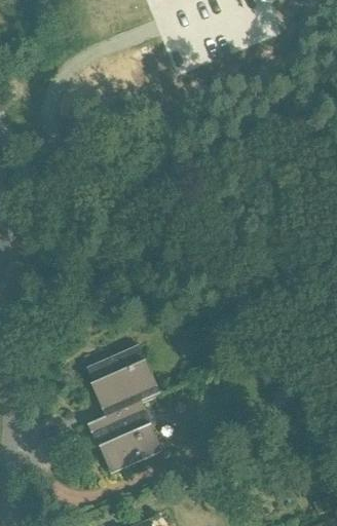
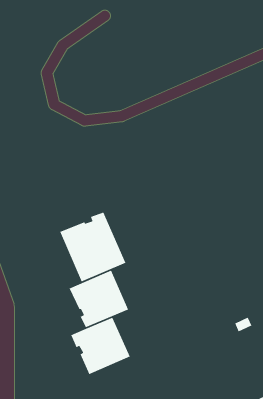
building: none -> [59,212,126,282]

